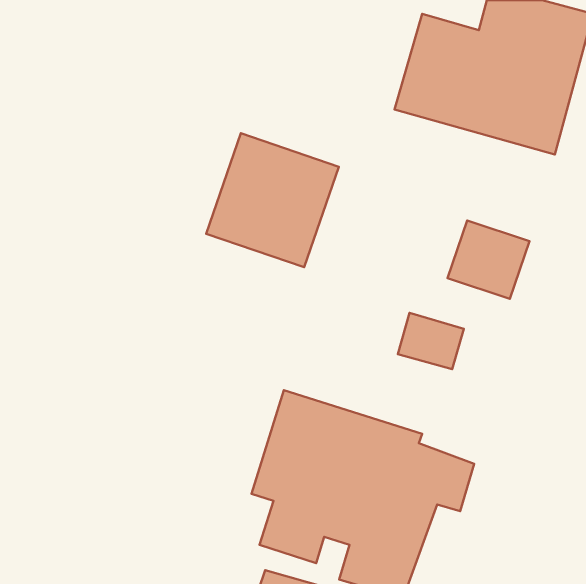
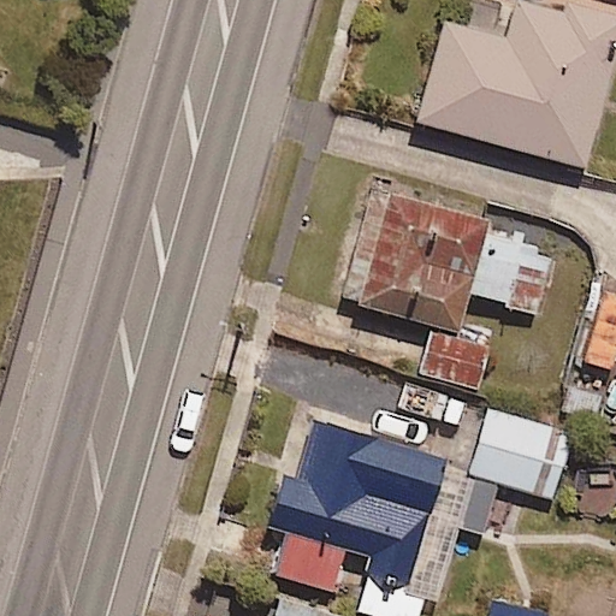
building: [206,133,339,267] -> [354,190,492,330]
building: none -> [462,408,574,503]

